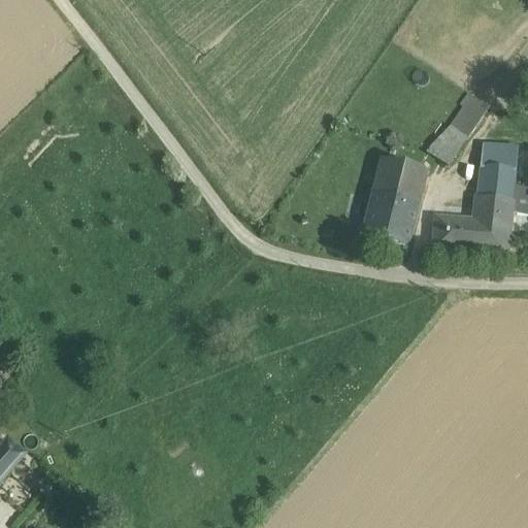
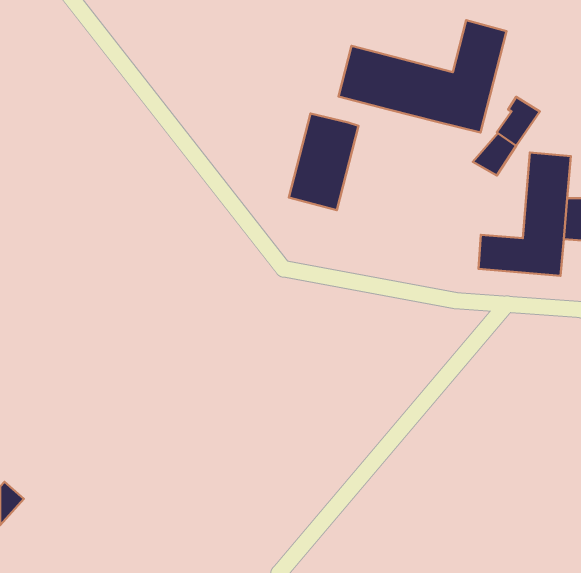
building: none -> [339,20,507,133]
building: [363,154,426,241] -> [289,113,358,210]

